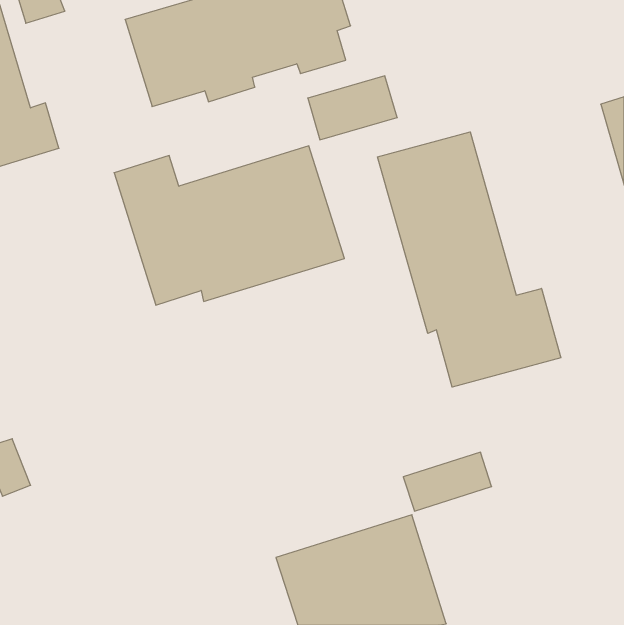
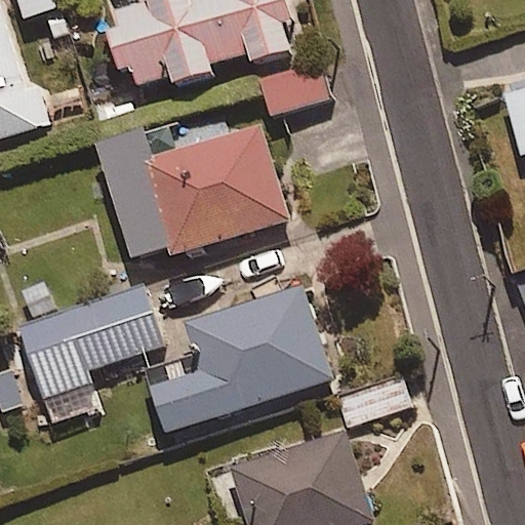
building: [378,132,561,387] -> none
building: none -> [22,283,163,400]
building: none -> [151,284,333,433]

